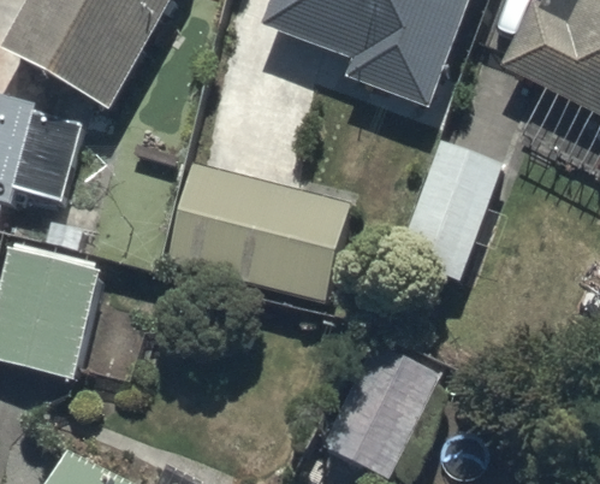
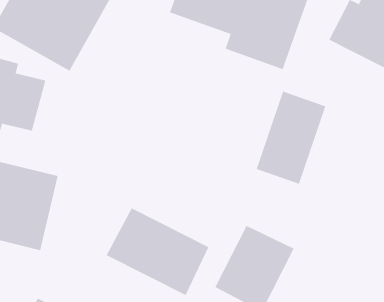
building: [166,159,350,305] -> none
building: none -> [106,207,209,296]

